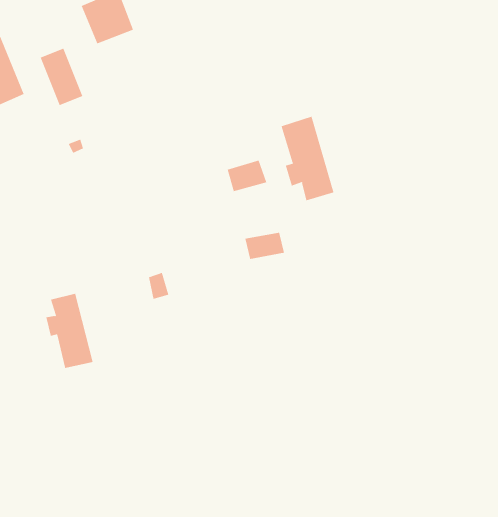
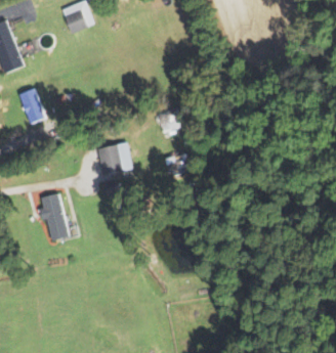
building: [40,48,83,106] -> [18,87,46,124]
building: [281,116,334,201] -> none
building: none -> [97,142,133,175]

